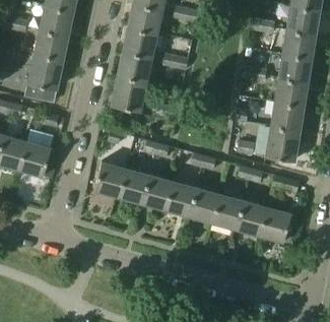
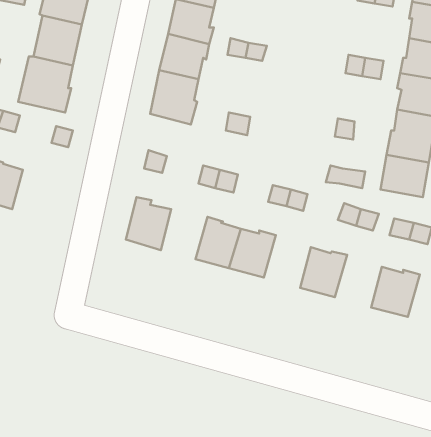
building: [19,142,52,175] -> none
building: [119,169,150,202] -> none
building: [188,186,219,221] -> none
building: [236,199,267,235] -> none

